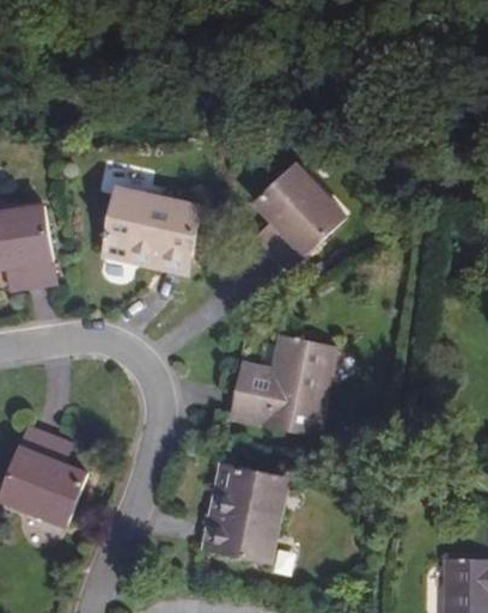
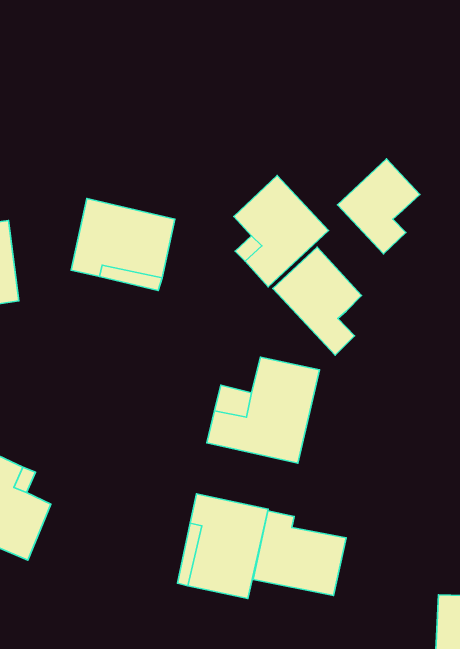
building: none -> [338,159,420,254]
building: none -> [273,247,361,355]
building: none -> [253,511,346,596]

